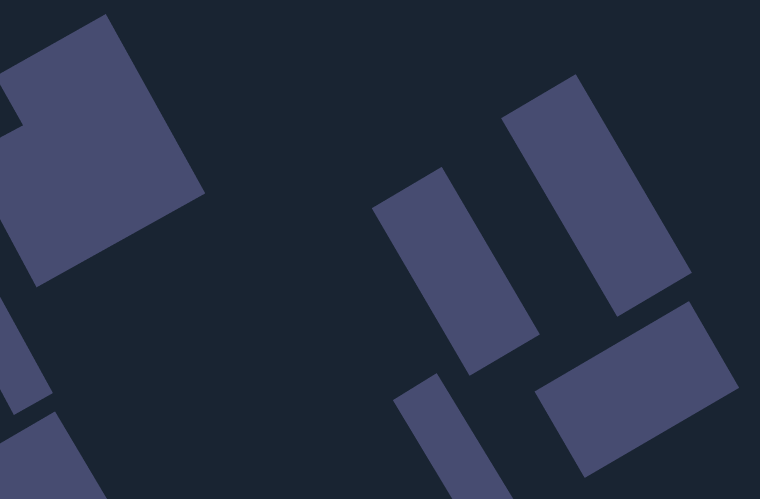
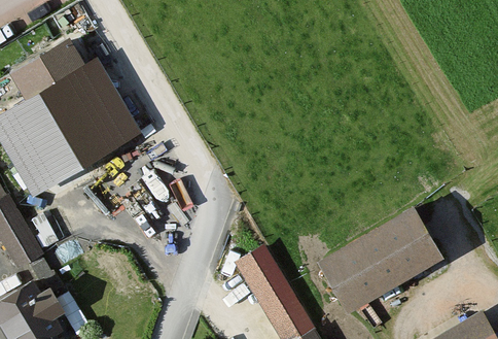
building: [500,73,693,318] -> none
building: [371,166,541,377] -> none

